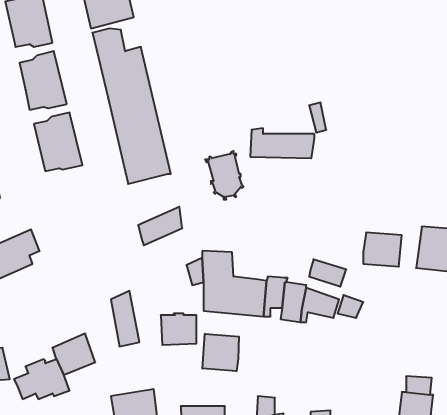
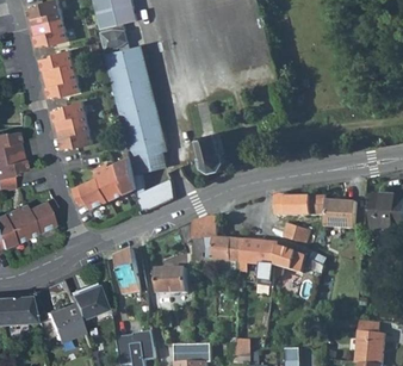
building: [250,128,314,158] -> [275,192,329,217]
building: none -> [70,149,168,209]
building: [202,334,239,371] -> none

